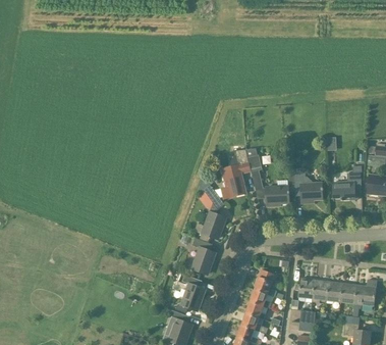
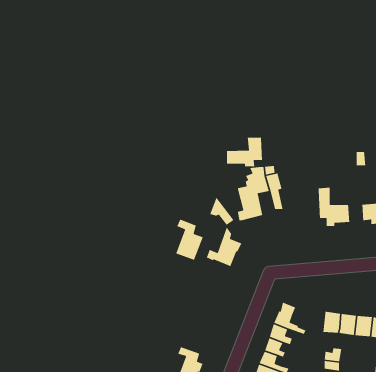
building: none -> [226,137,263,167]
building: [265,186,288,206] -> none
building: [190,237,216,275] -> [175,218,204,261]
building: [180,275,205,310] -> none

